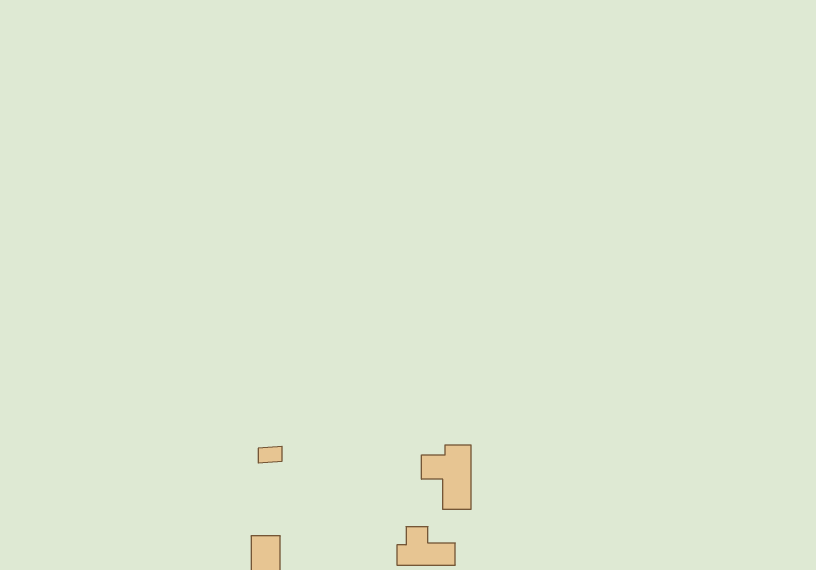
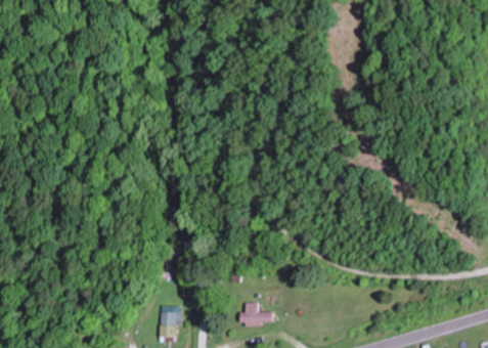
building: [422,445,471,509] -> none

